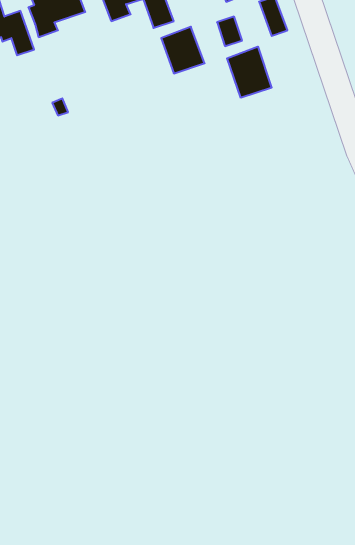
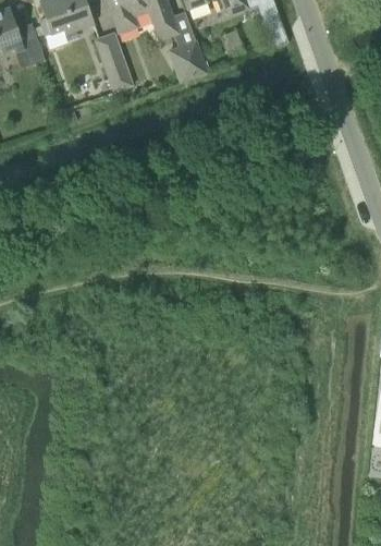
building: none -> [97,32,133,90]
building: [227,47,272,98] -> none

